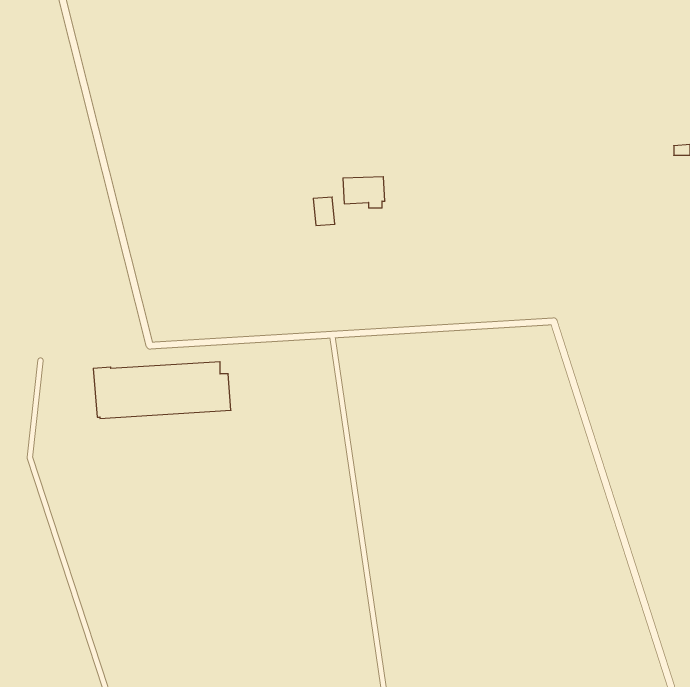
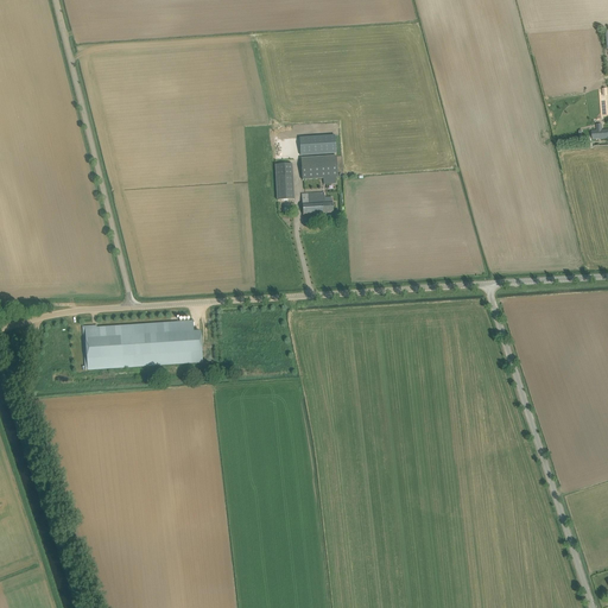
building: none -> [299,133,336,153]
building: none -> [302,189,334,213]

